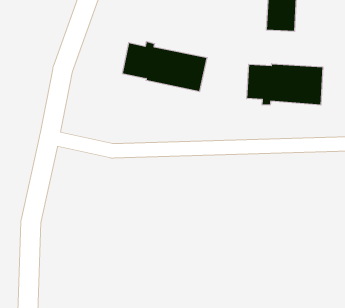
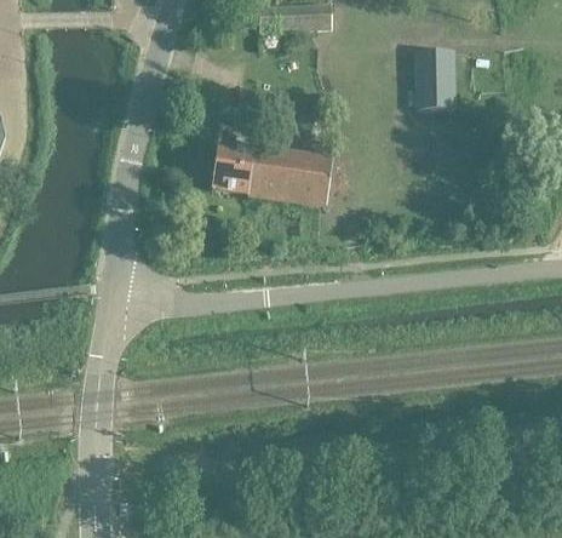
building: [247,64,323,105] -> none

